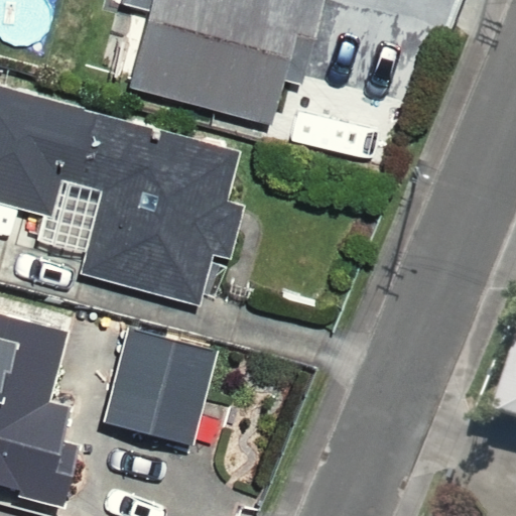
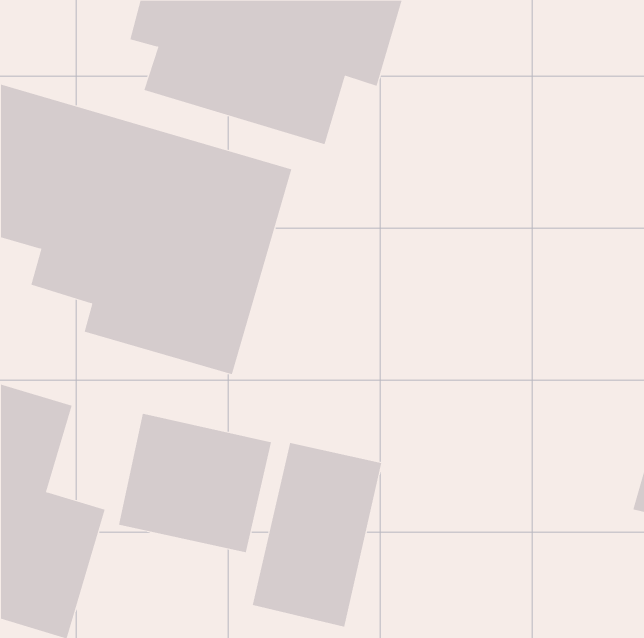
building: none -> [252,442,382,628]

